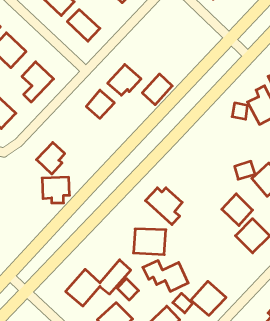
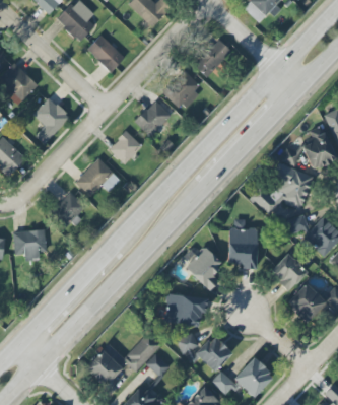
building: none -> [195,39,231,76]
building: [142,74,172,105] -> [164,70,200,107]
building: none -> [75,157,121,197]
building: none -> [259,161,314,213]
building: none -> [228,223,258,269]
building: [42,177,70,203] -> [14,229,47,260]

